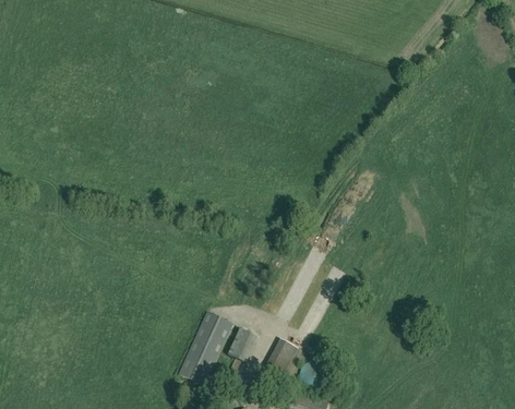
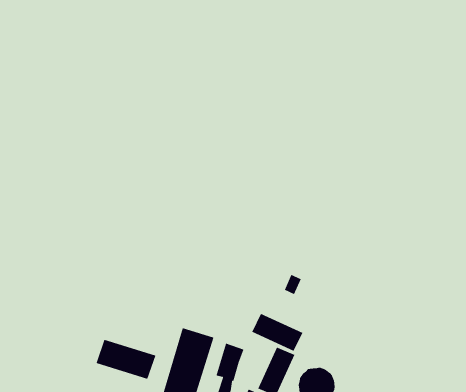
building: none -> [251,313,303,352]
building: none -> [95,339,156,380]

